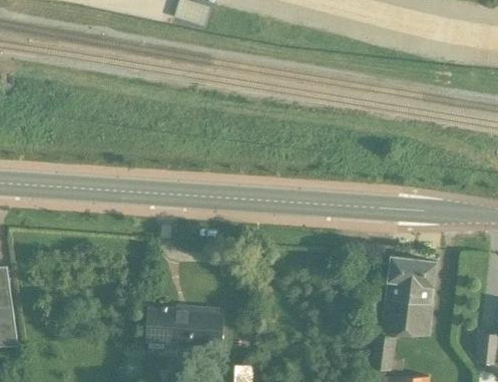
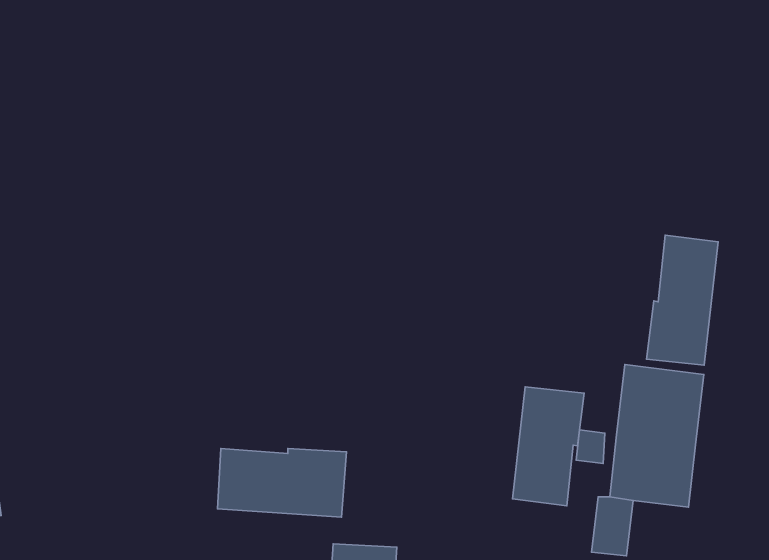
building: none -> [647,235,718,365]
building: none -> [512,387,584,506]

